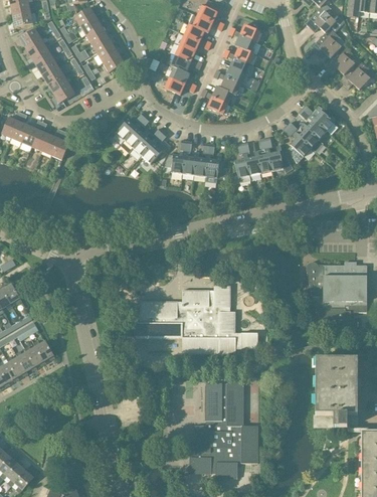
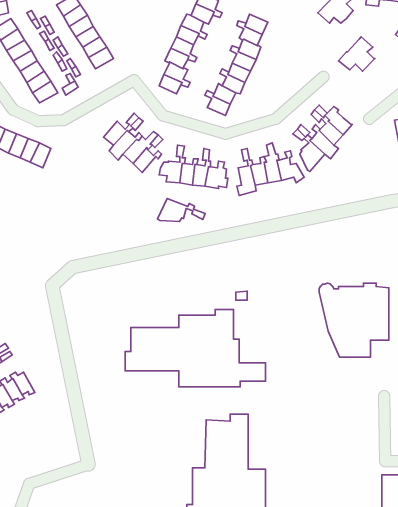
building: [310,27,341,56] -> none
building: [339,58,370,89] -> none
building: none -> [158,198,205,221]
building: [316,357,358,427] -> none

